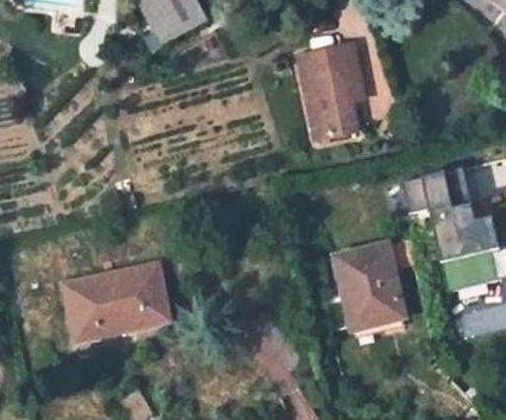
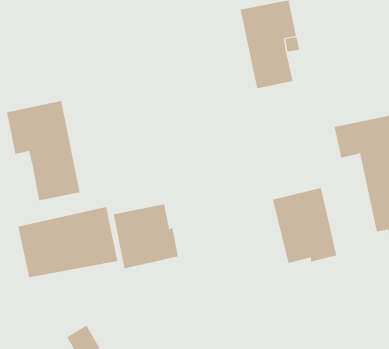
building: none -> [6,100,80,201]
building: none -> [113,203,179,269]

